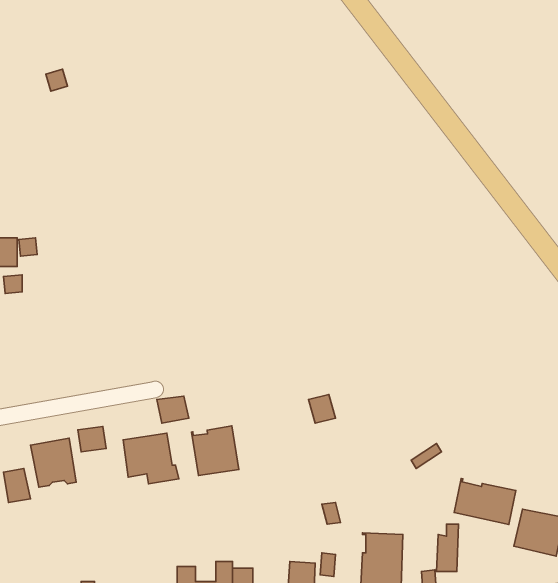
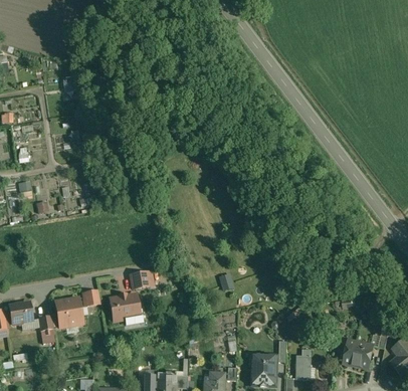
building: [191,426,239,476] -> none
building: [454,479,516,524] -> none

